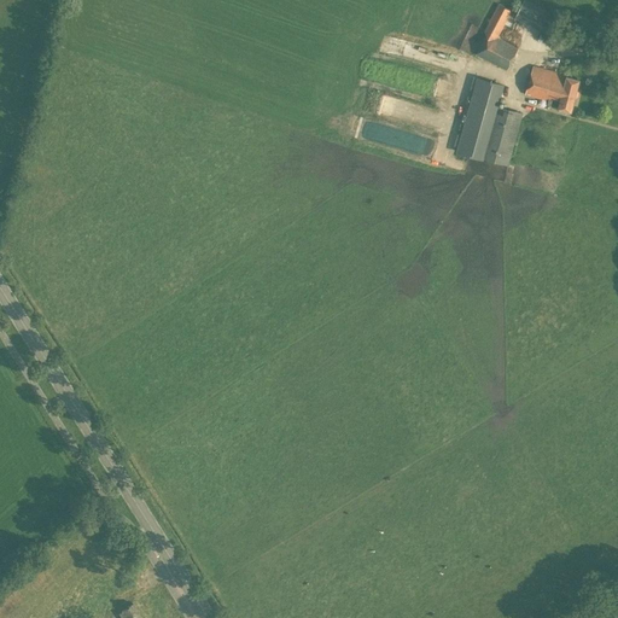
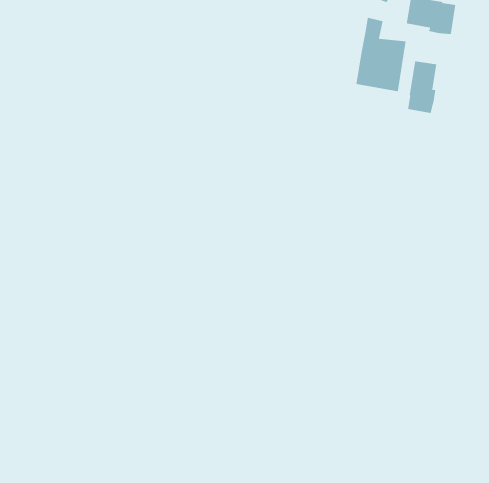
building: none -> [407,60,437,114]

